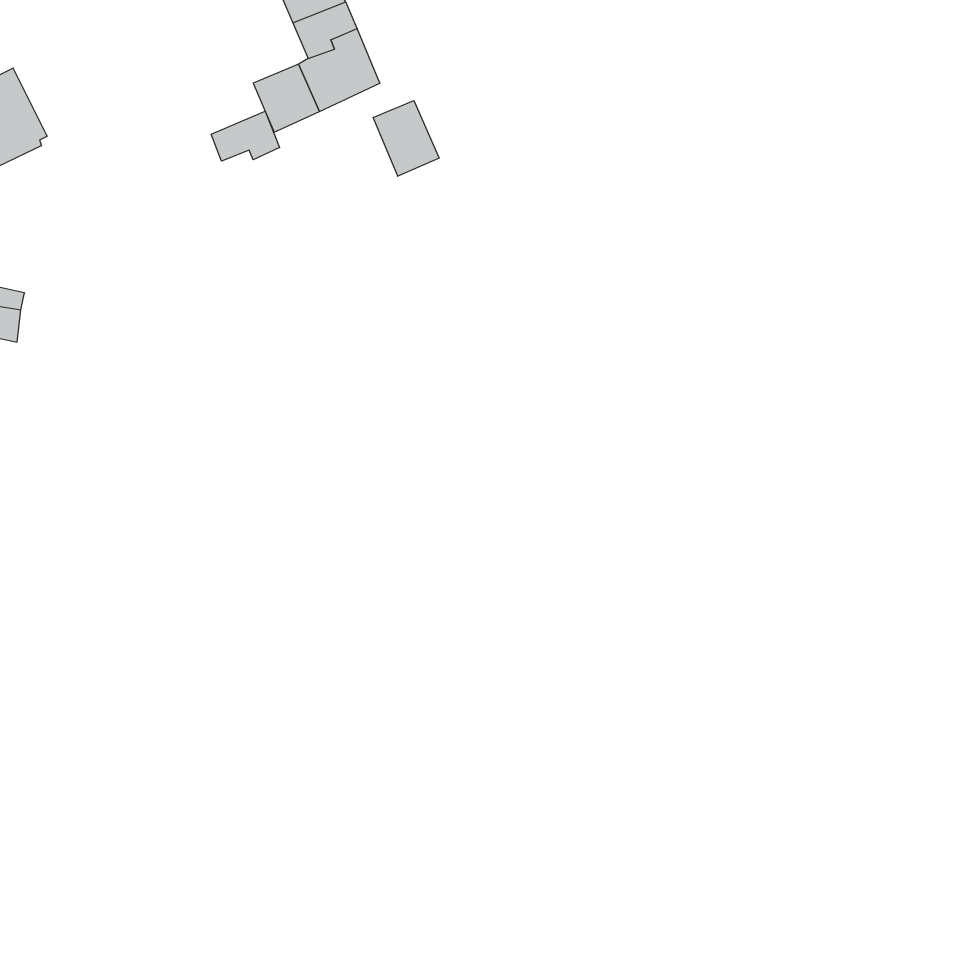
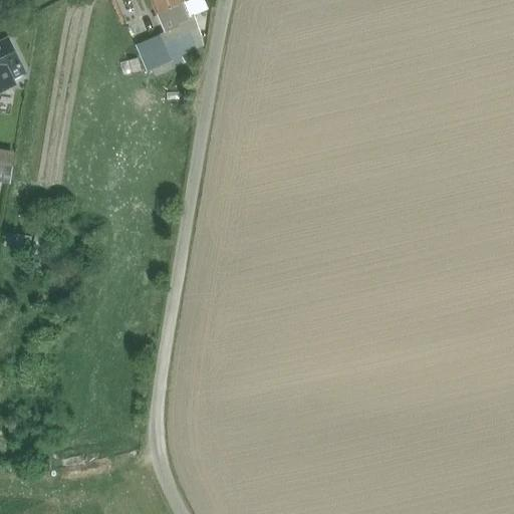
building: [373,101,439,176] -> none
building: [211,111,280,161] -> none

